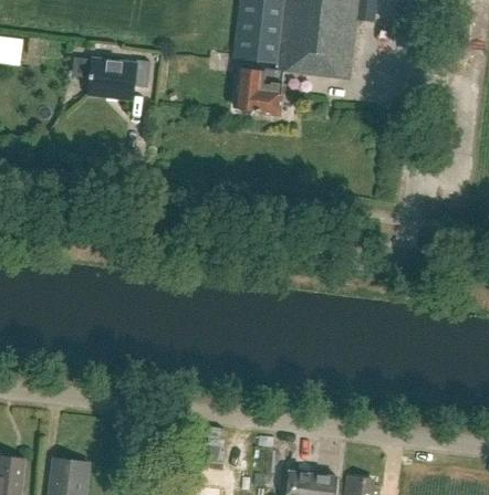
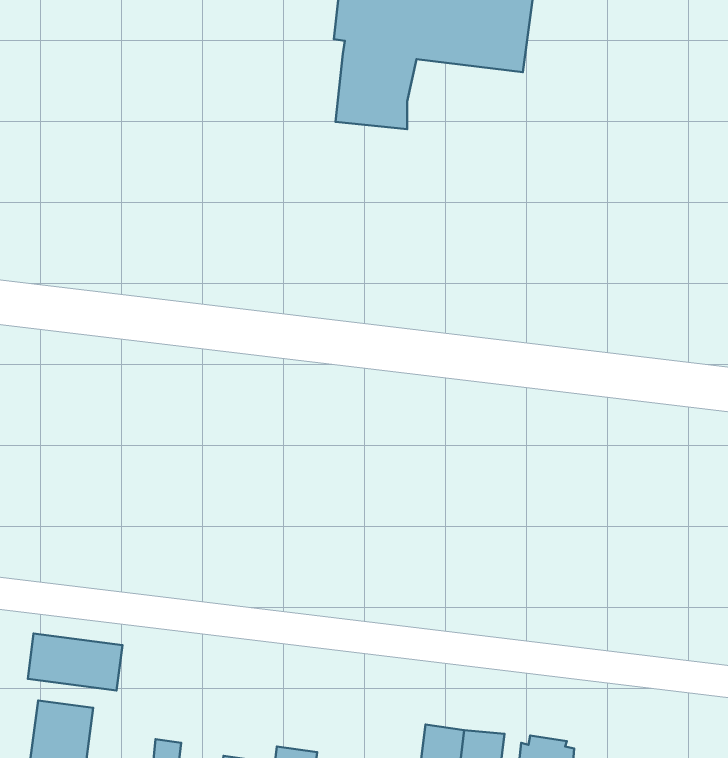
building: [73,56,150,101] -> none
building: none -> [28,633,122,691]

